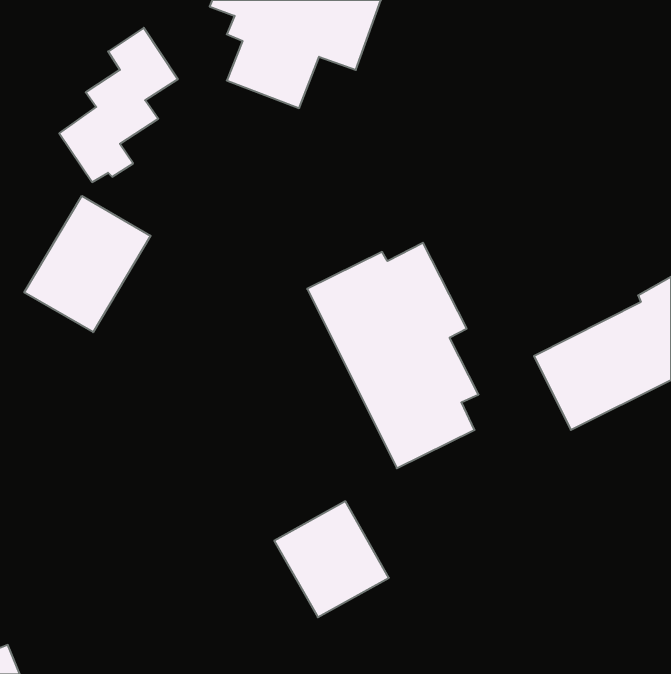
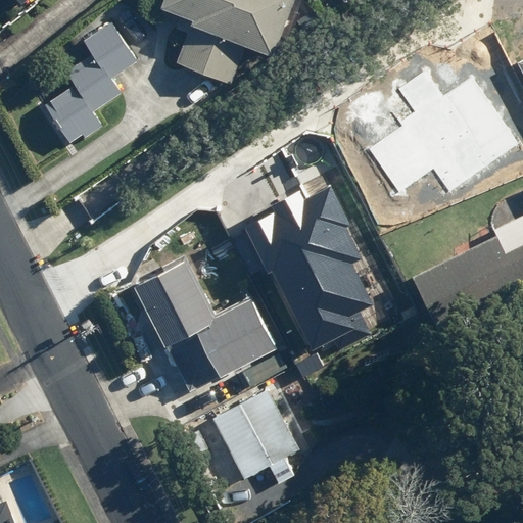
building: none -> [364,72,515,197]
building: [24,196,151,332] -> none
building: none -> [136,258,280,391]

